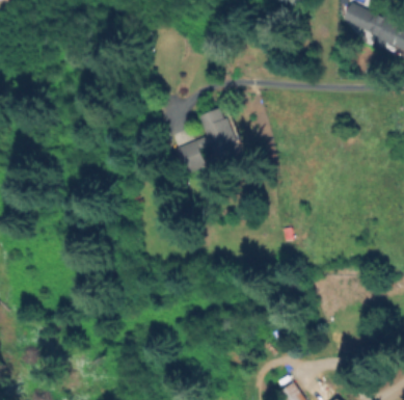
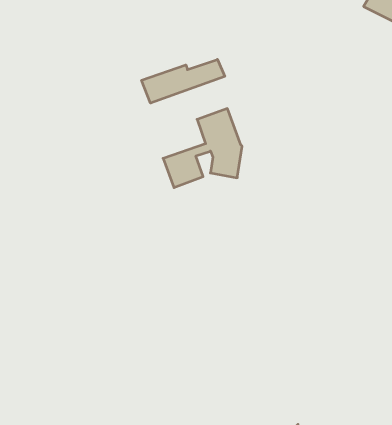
building: none -> [142,59,225,103]

